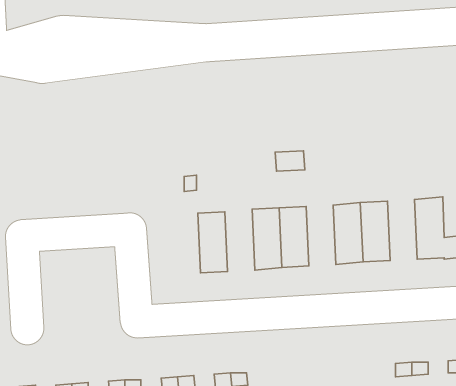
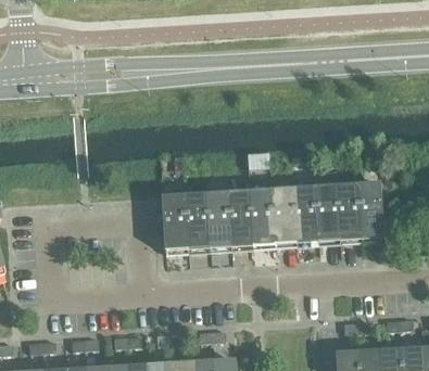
building: none -> [338,189,362,238]
building: none -> [273,193,296,242]
building: none -> [207,196,231,246]
building: none -> [163,200,188,250]

